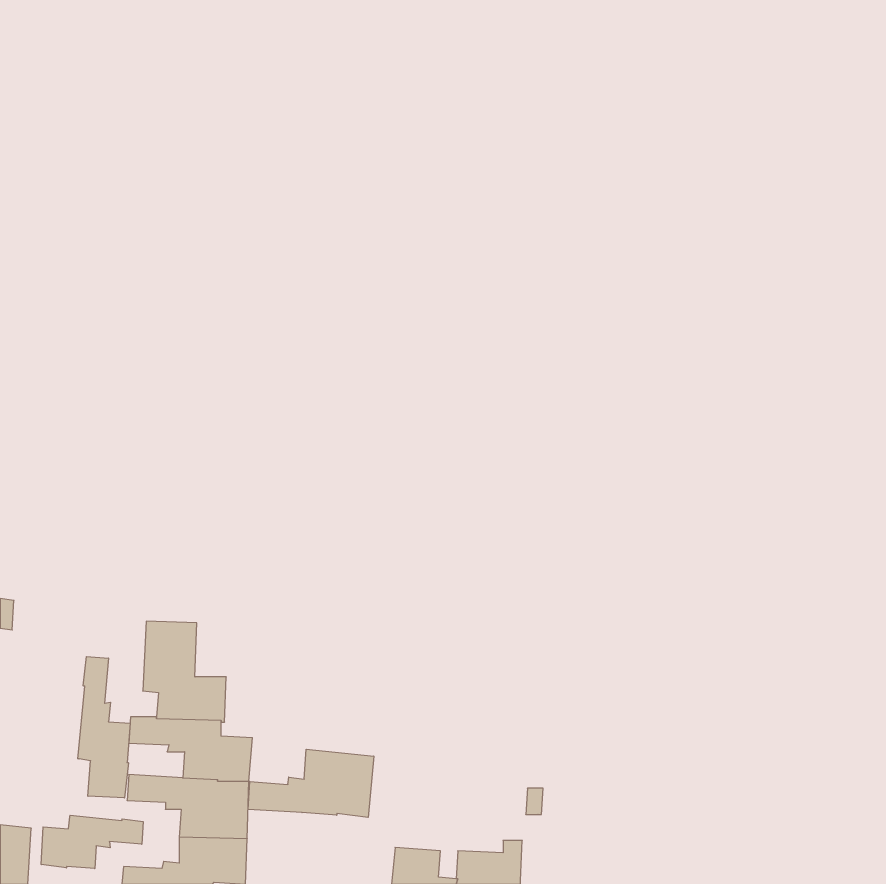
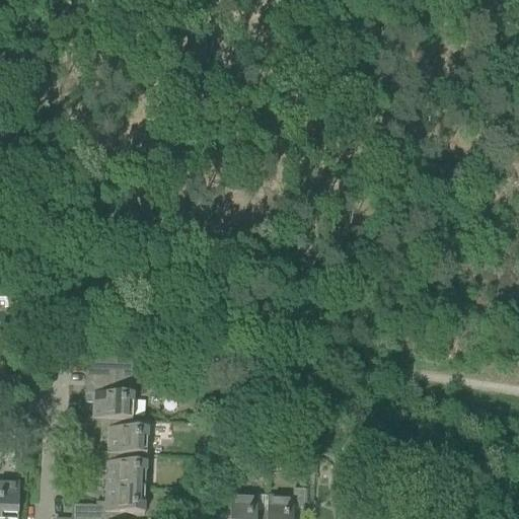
building: [78,657,130,798] -> none
building: [248,749,374,817] -> none
building: [41,815,143,869] -> none

